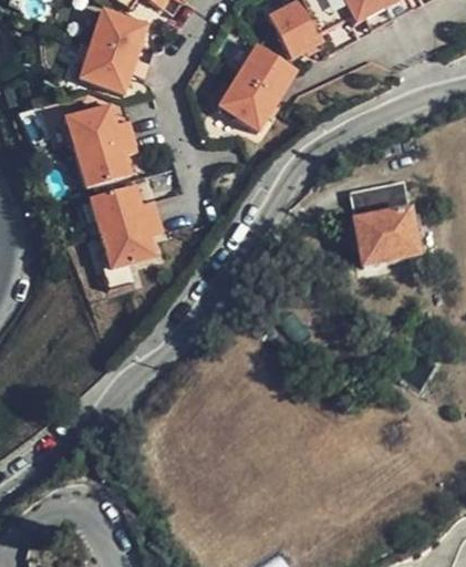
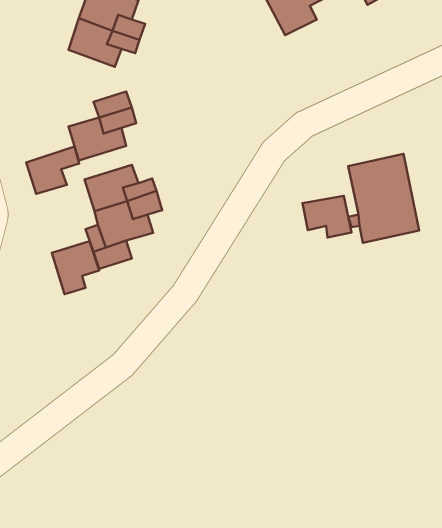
building: [217,45,293,130] -> none
building: [65,102,117,148] -> [26,147,79,194]
building: none -> [302,196,351,238]
building: none -> [52,241,99,294]

